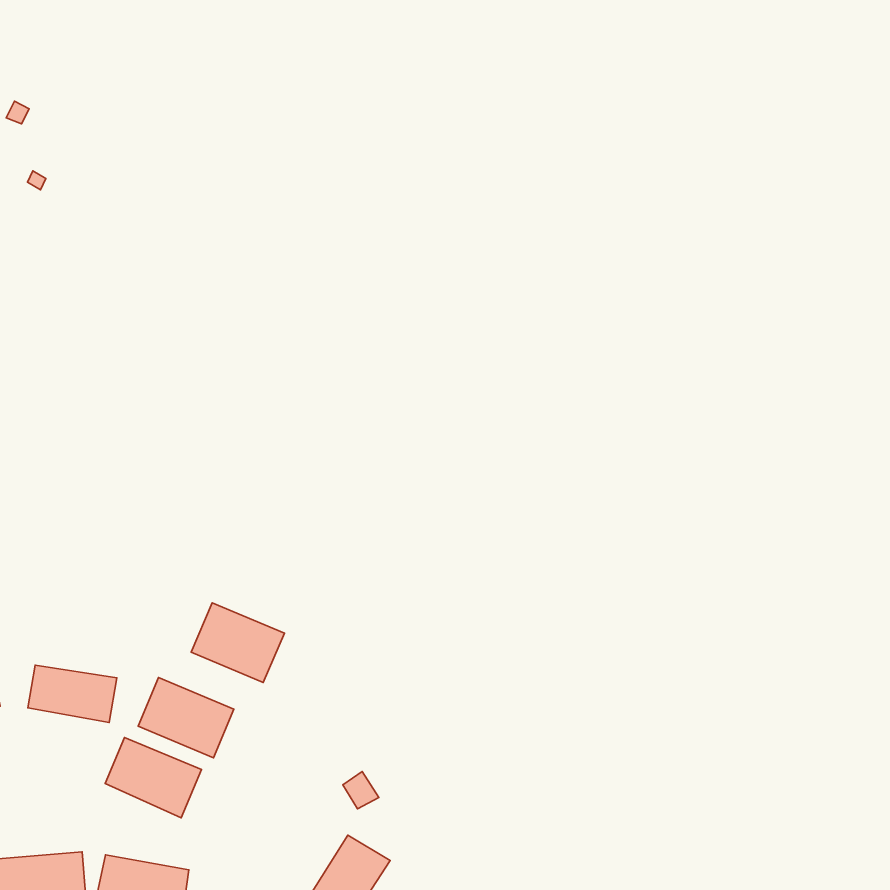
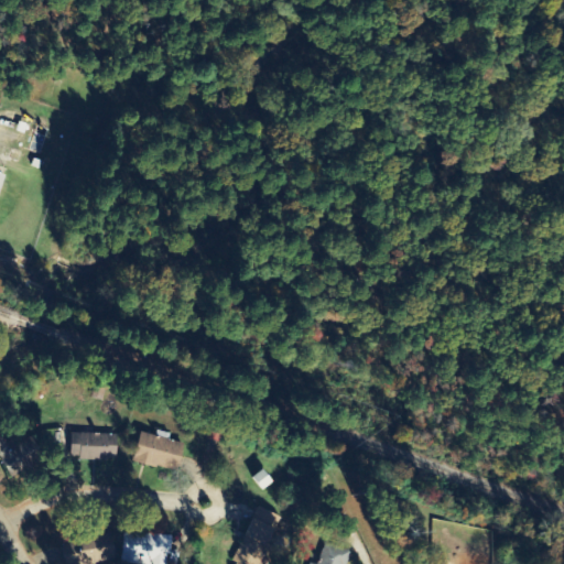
building: [191,603,284,683] -> none
building: [105,737,202,818] -> none

